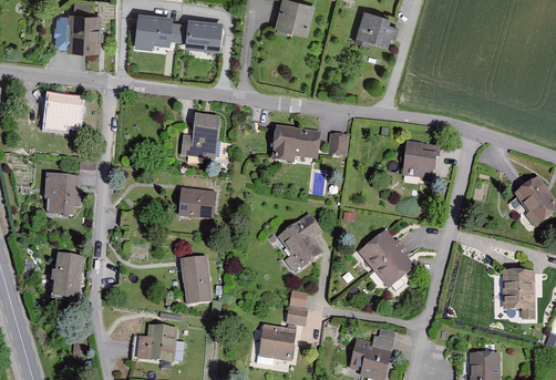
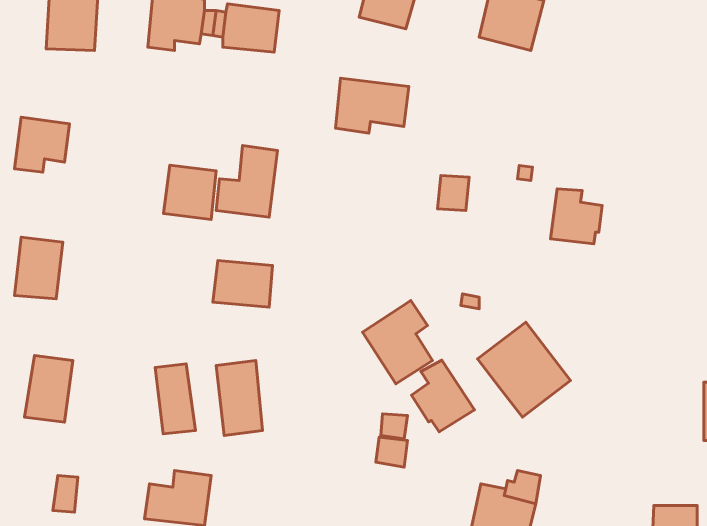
building: none -> [164,165,216,220]
building: [271,126,320,163] -> [336,78,409,133]
building: none -> [411,360,474,432]
building: none -> [155,364,196,434]
building: [258,326,296,361] -> none

